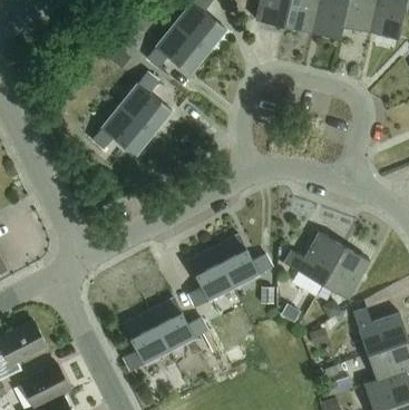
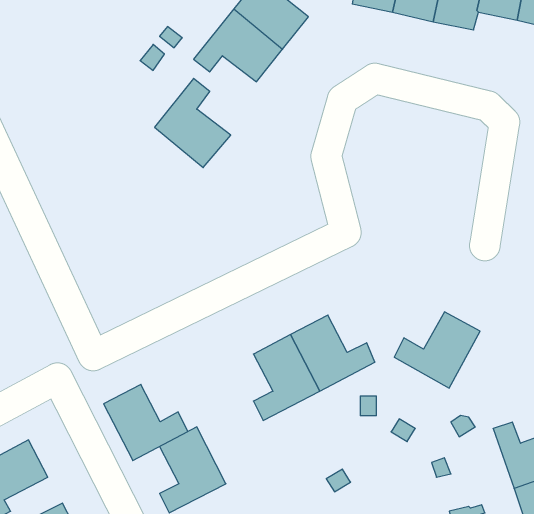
building: [92,105,154,155] -> none
building: [323,245,369,299] -> none
building: [149,297,207,350] -> [104,384,188,461]

